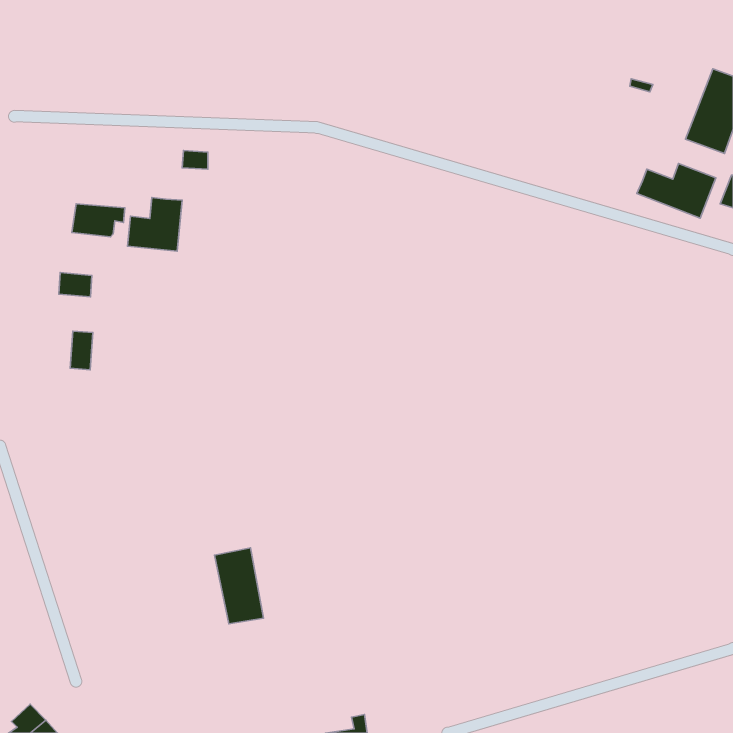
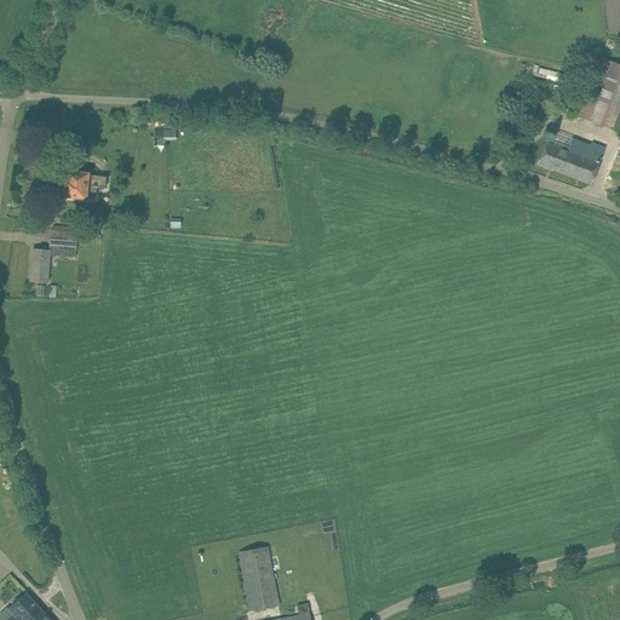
building: [127,198,182,251] -> none
building: [70,331,93,370] -> [30,249,50,282]
building: [215,548,263,624] -> [237,546,279,610]

